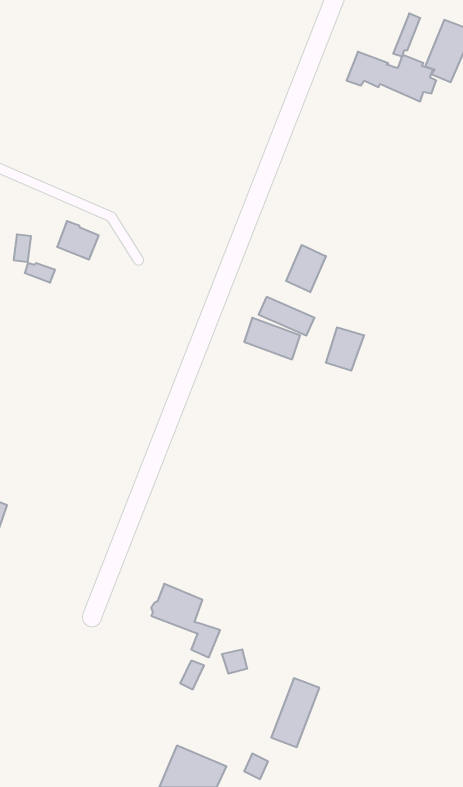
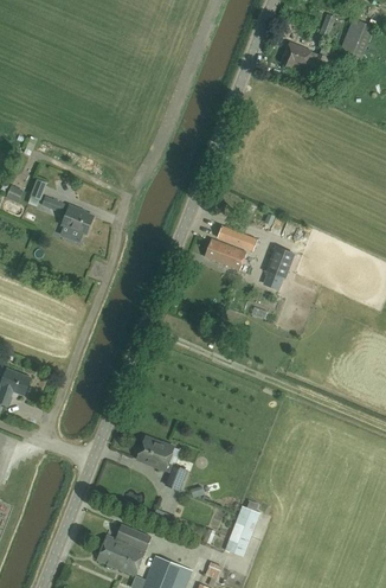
building: [57,221,99,260] -> [62,205,92,234]
building: [286,245,326,292] -> none
building: none -> [96,524,150,575]

